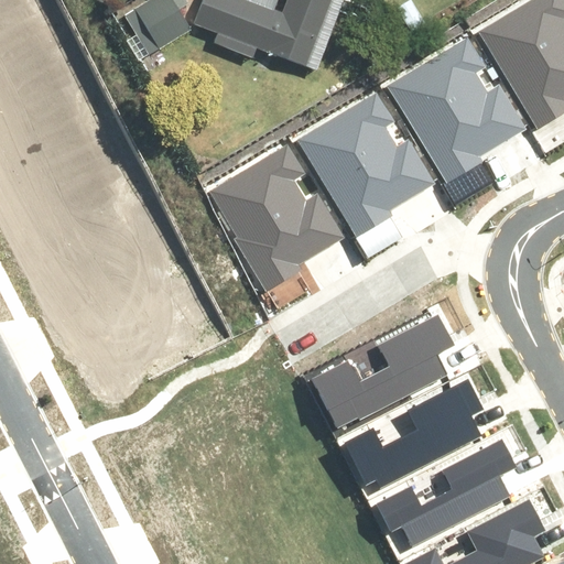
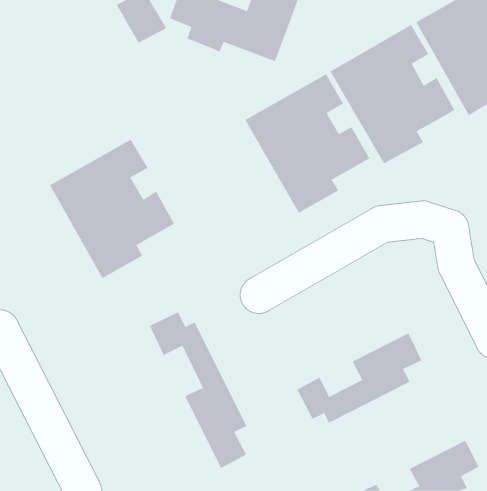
building: [194,140,337,300] -> [49,139,175,279]
building: [310,321,454,424] -> none
building: none -> [149,311,247,469]
building: [380,438,524,542] -> none

